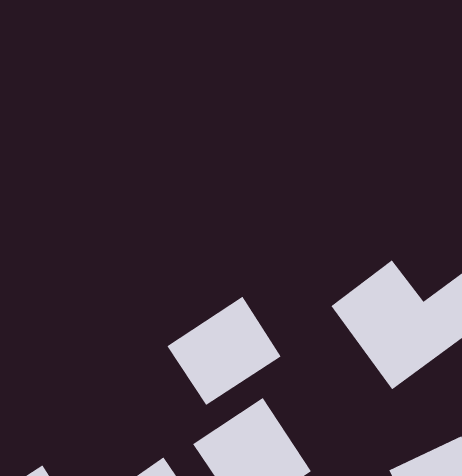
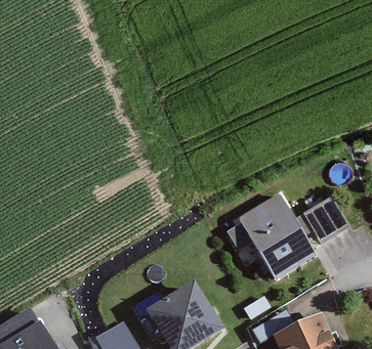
building: [166,296,281,406] -> none

